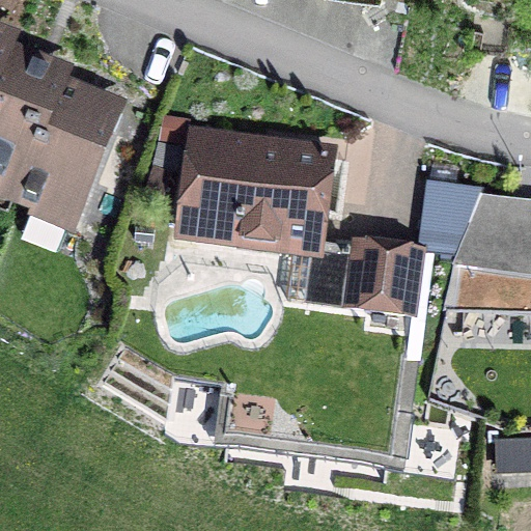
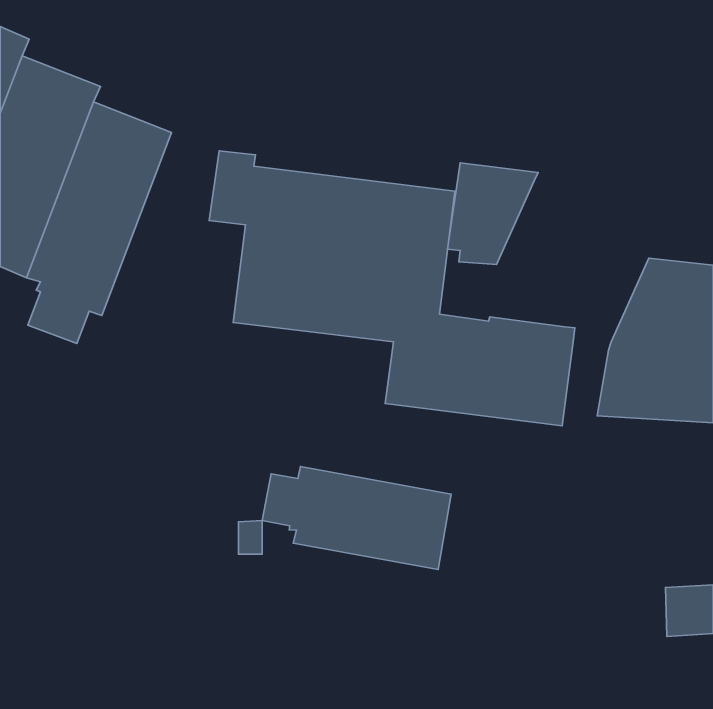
building: [418,178,485,254] -> [448,163,538,265]
building: none -> [262,467,451,570]

